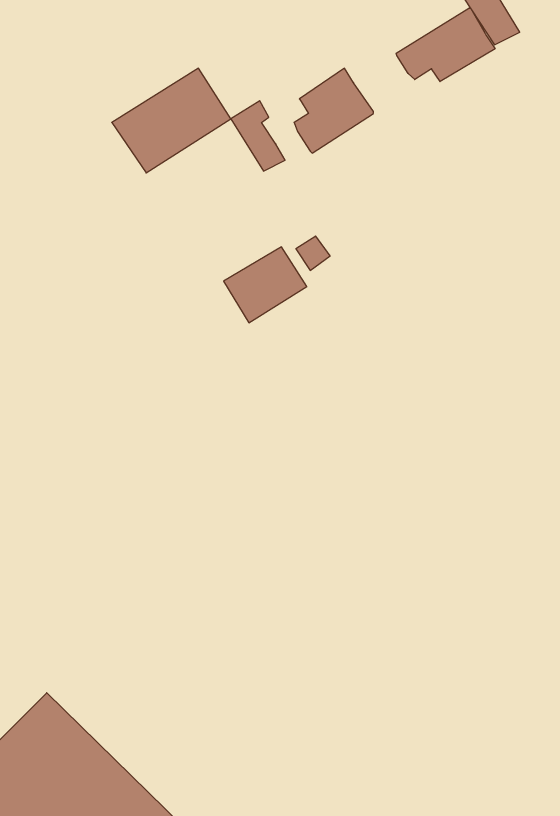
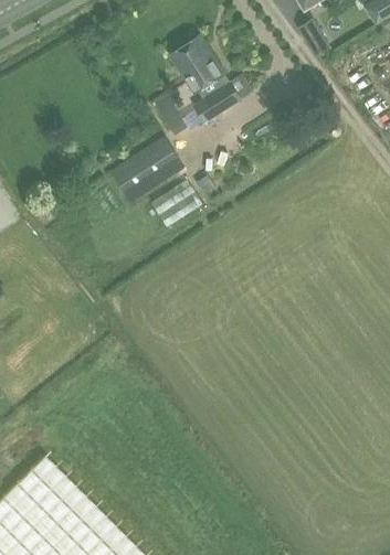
building: [396,8,495,82] -> none
building: none -> [171,36,225,93]
building: [112,68,231,173] -> [112,139,185,203]

